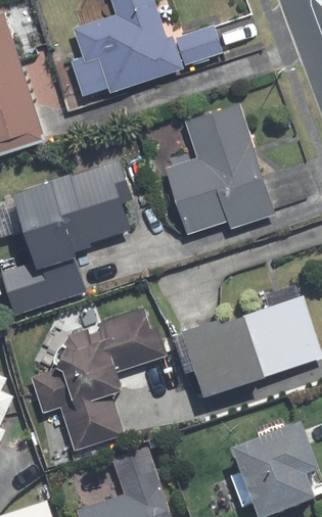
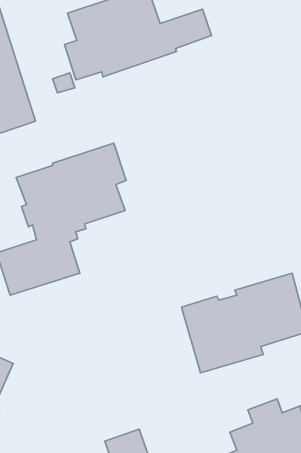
building: [166,104,271,234] -> none
building: [48,309,165,451] -> none

